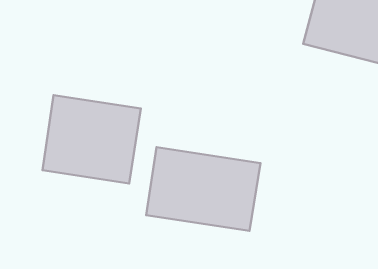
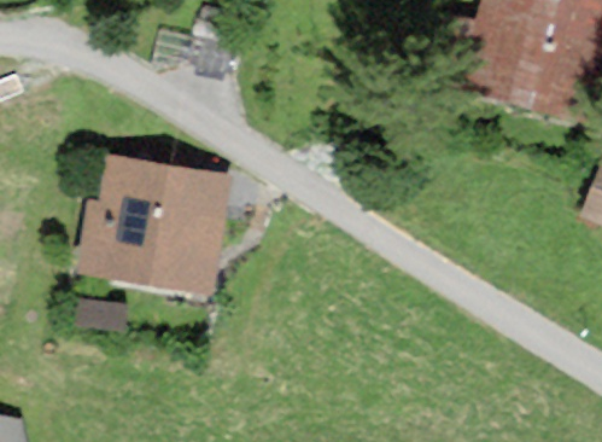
building: [146,147,261,231] -> none

